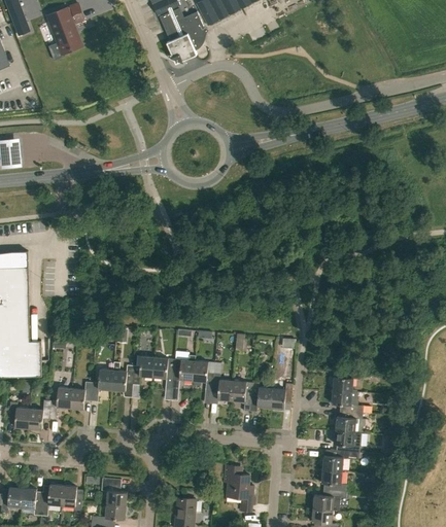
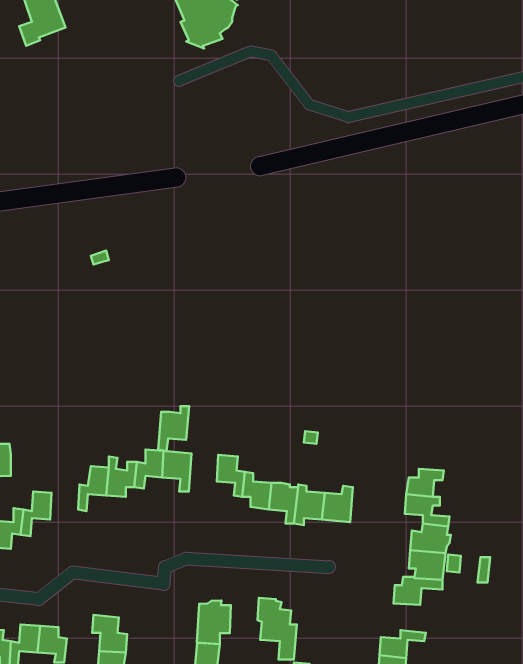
building: [172,355,195,388] -> [158,406,189,451]
building: [70,382,92,409] -> none
building: none -> [197,601,231,644]
building: [320,469,346,491] -> none

